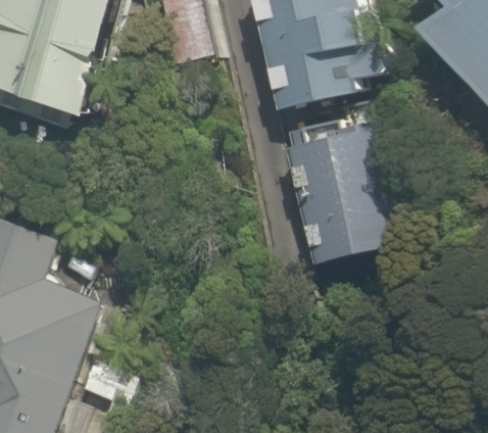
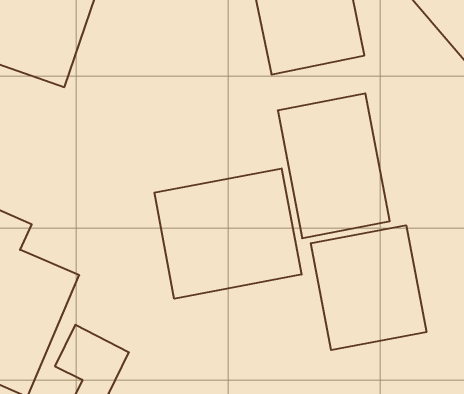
building: none -> [154,168,302,299]
building: none -> [311,225,426,350]

